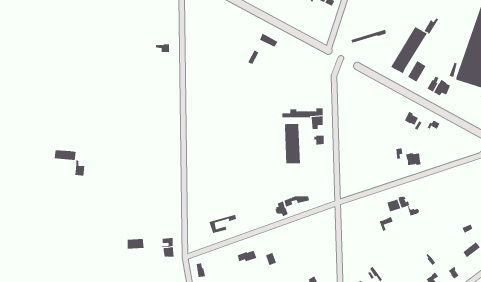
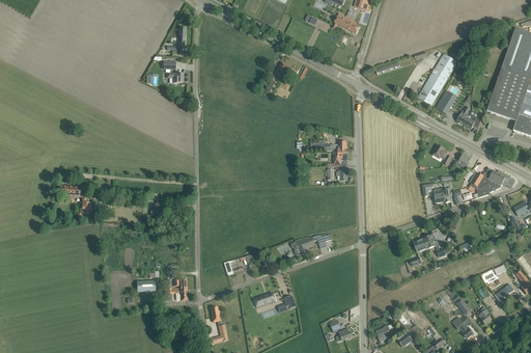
building: [285,123,301,164] -> none
building: none -> [470,167,505,197]

